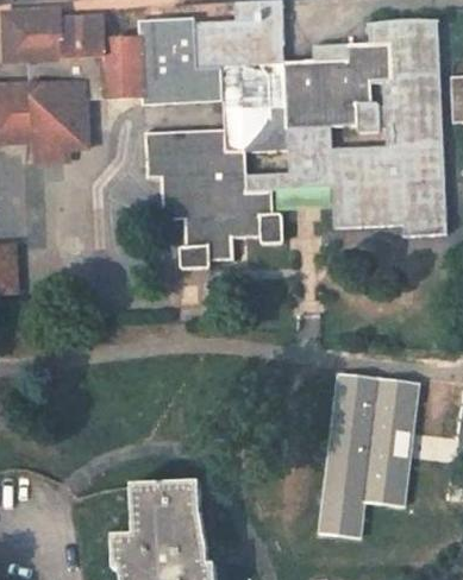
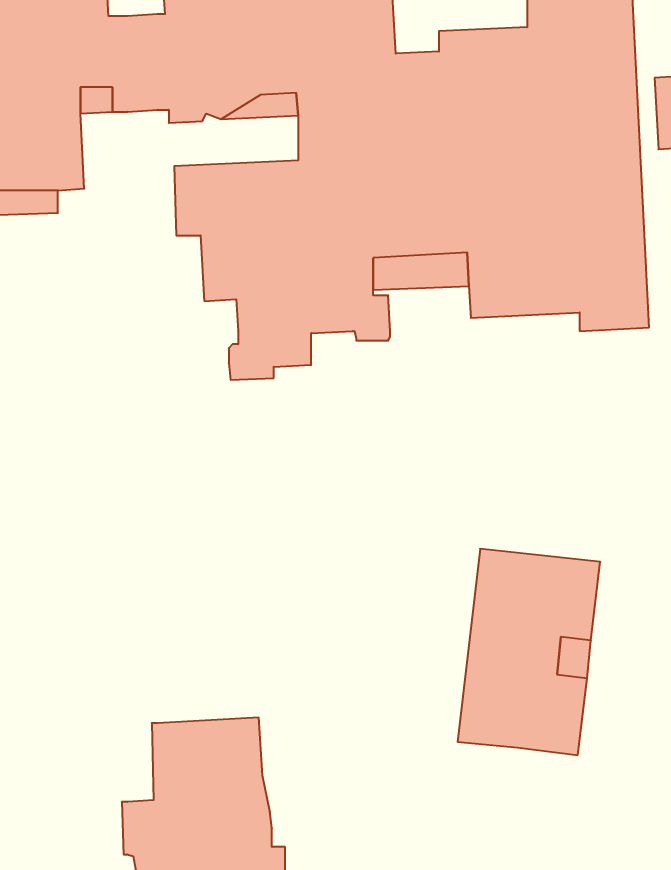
building: [320,497,363,537] -> none

